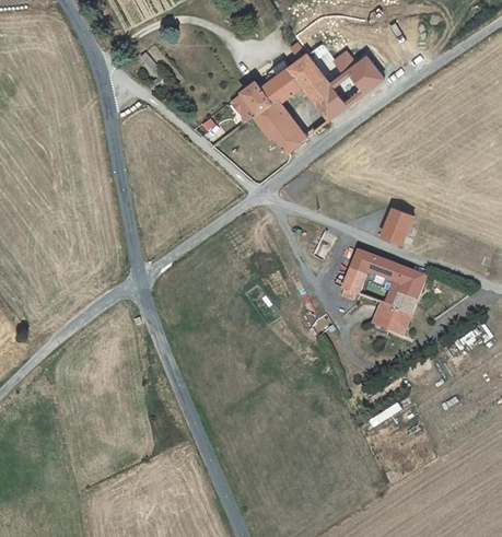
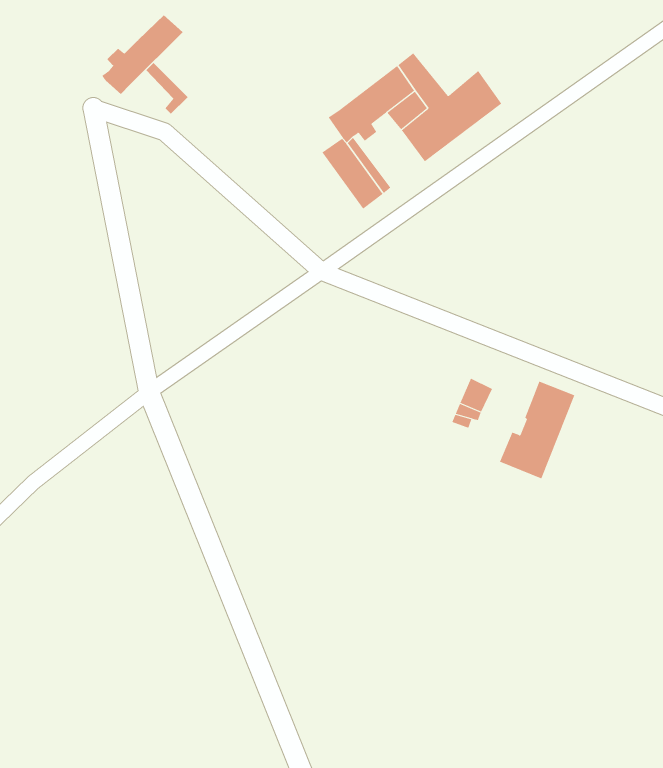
building: none -> [102,14,184,95]
building: [236,79,266,109] -> none
building: [382,207,412,244] -> none
building: [354,252,401,281] -> none

